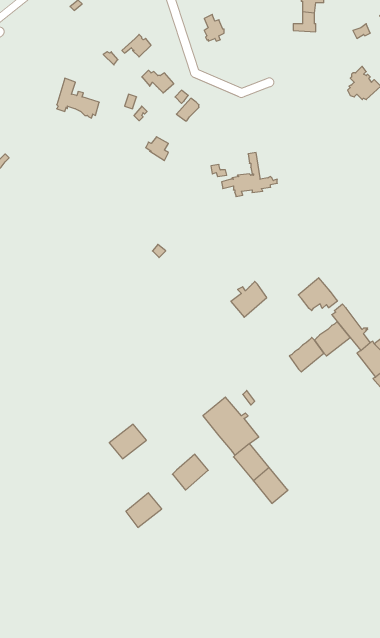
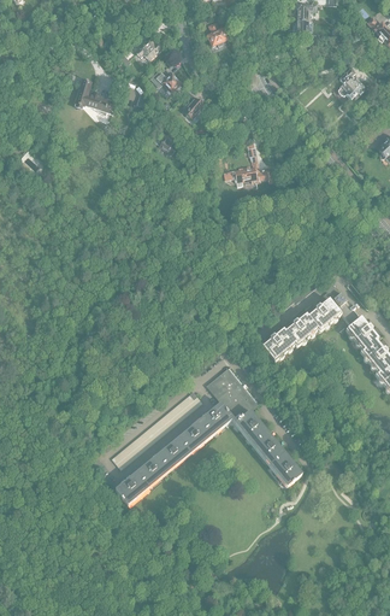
building: [298,278,337,311] -> none
building: [231,281,267,317] -> [260,328,292,360]
building: [109,424,146,459] -> [156,438,190,469]
building: none -> [199,403,232,434]
building: none -> [268,452,301,486]
building: none -> [114,471,147,504]

